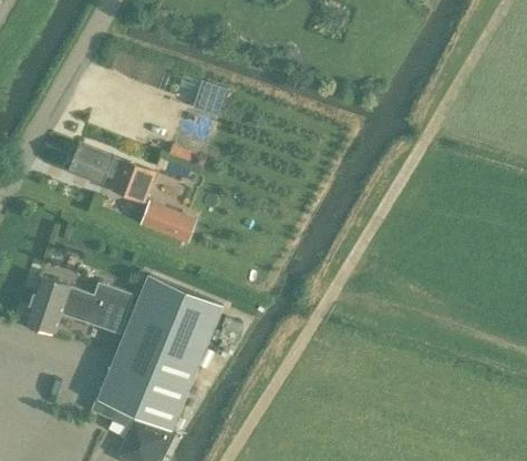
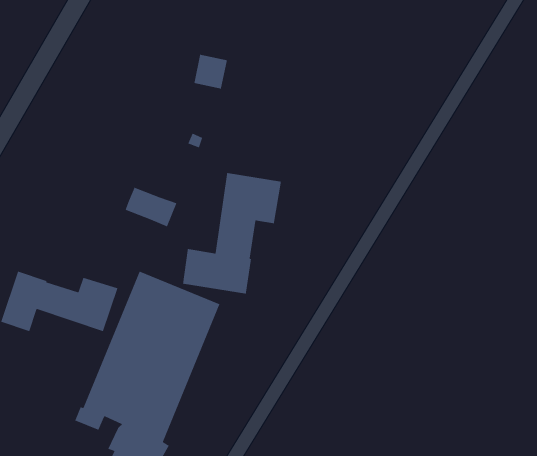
building: [68,143,155,201] -> none
building: none -> [182,172,282,295]

